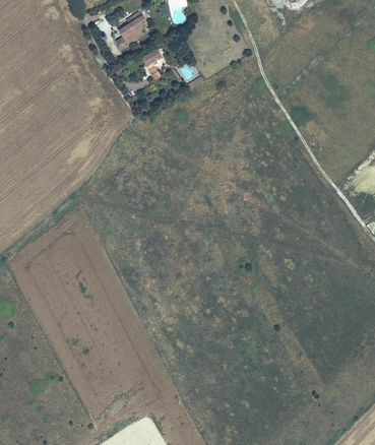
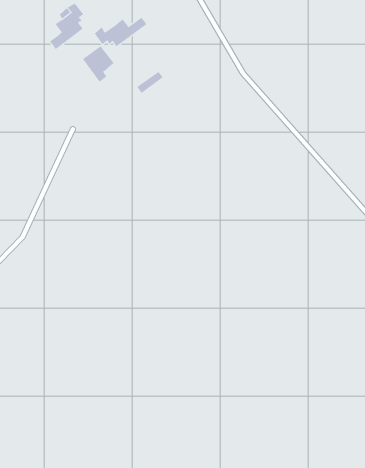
building: none -> [94,17,147,47]

